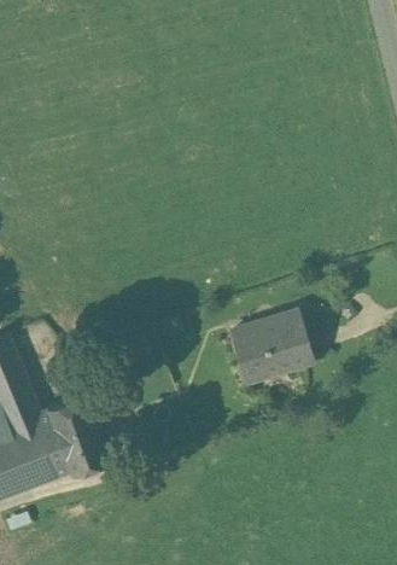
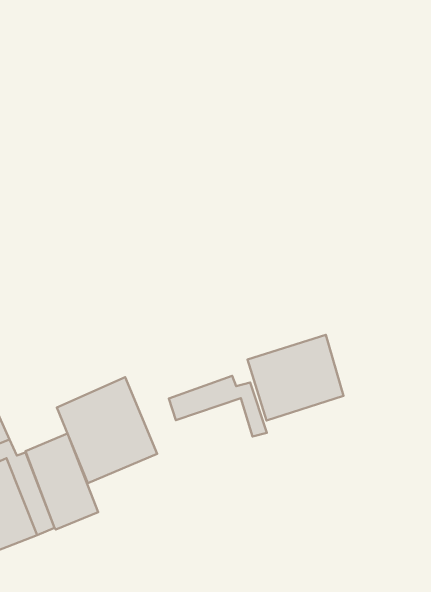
building: none -> [169,376,267,436]
building: none -> [57,377,157,483]

